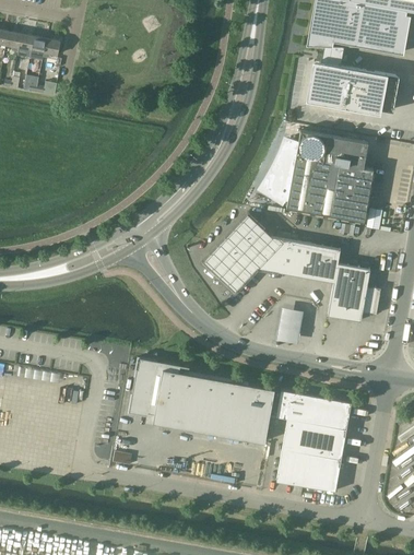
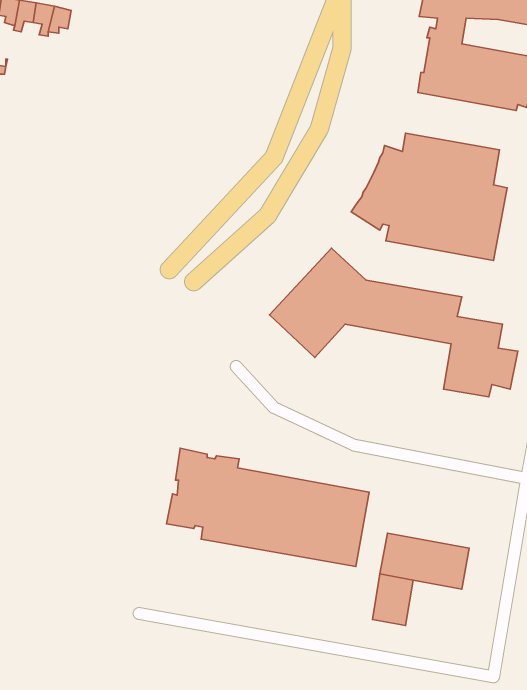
building: [279,310,307,349] -> none
building: [276,391,351,430] -> none
building: [300,453,341,493] -> none

